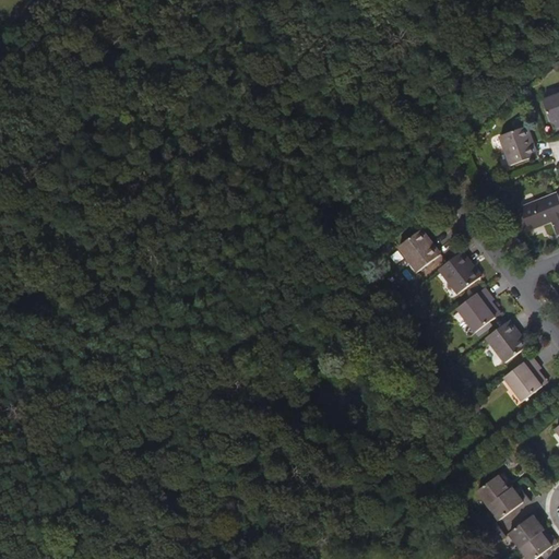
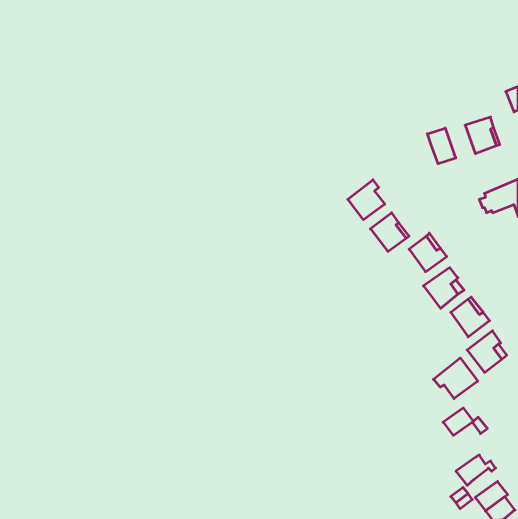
building: none -> [427,128,456,164]
building: none -> [348,180,385,220]
building: none -> [433,358,478,399]
building: [478,477,511,507] -> [443,408,474,435]

